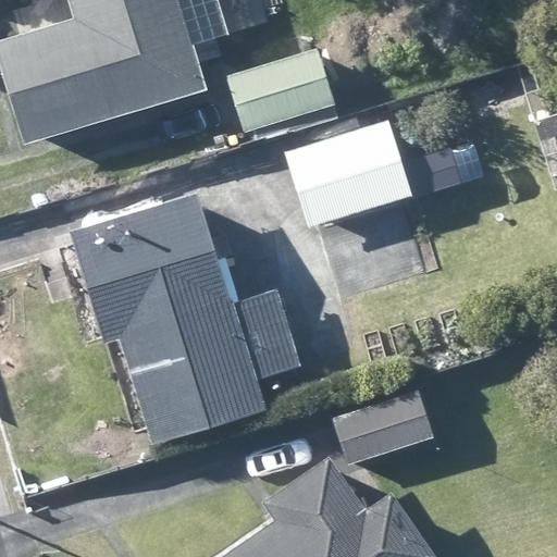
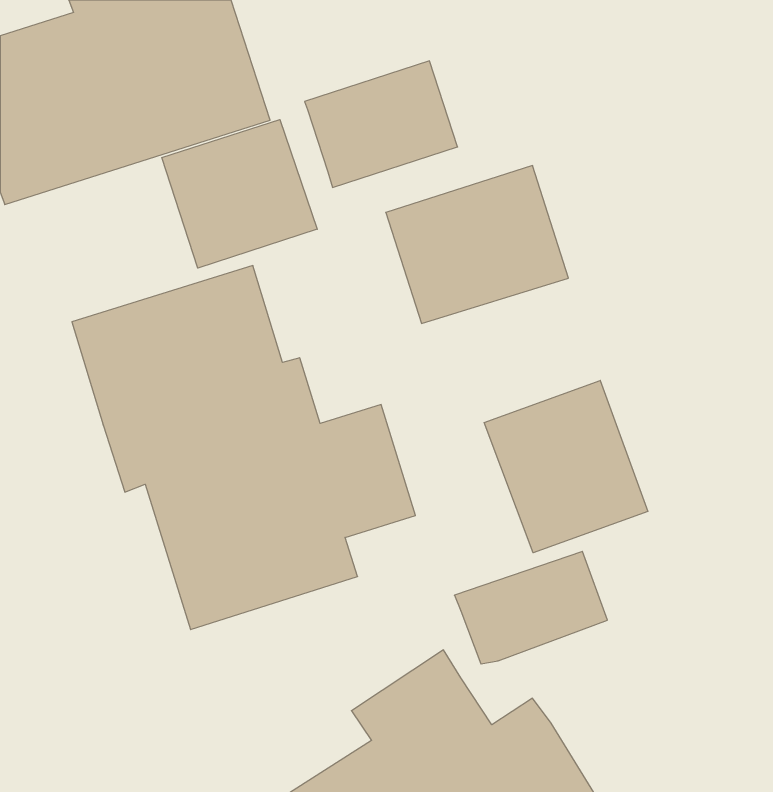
building: none -> [162,120,317,268]
building: none -> [484,380,648,553]

